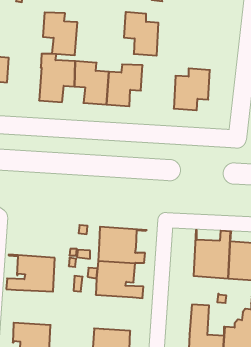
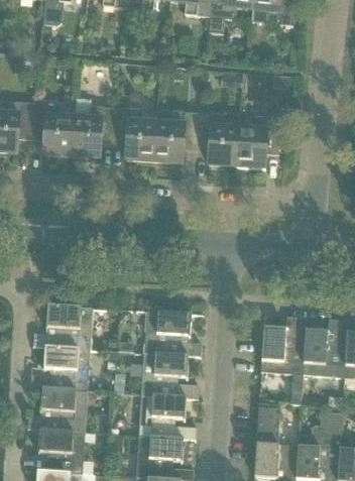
building: [124,12,158,56] -> [196,112,238,165]
building: [43,12,77,55] -> [31,103,74,155]
building: none -> [33,304,93,349]
building: none -> [27,388,88,432]
building: none -> [138,394,196,440]

